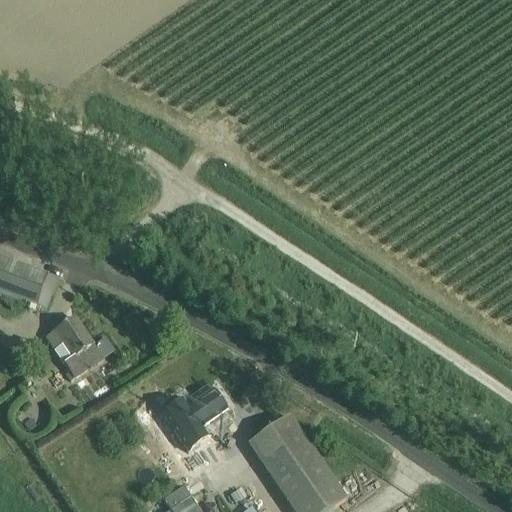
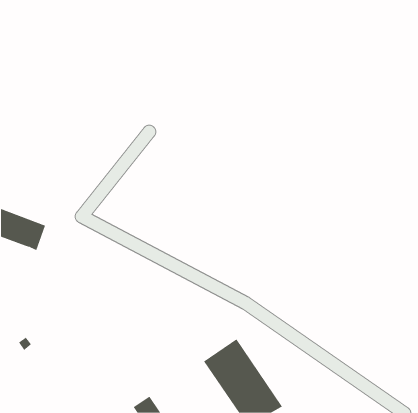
building: [54,315,103,378] -> none
building: [154,390,226,445] -> none

